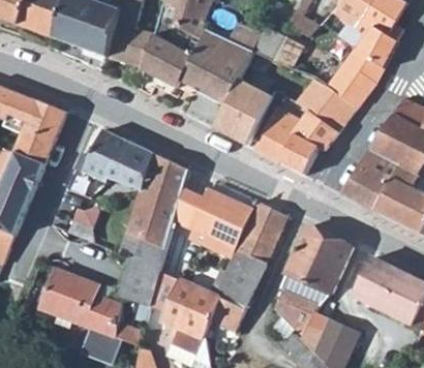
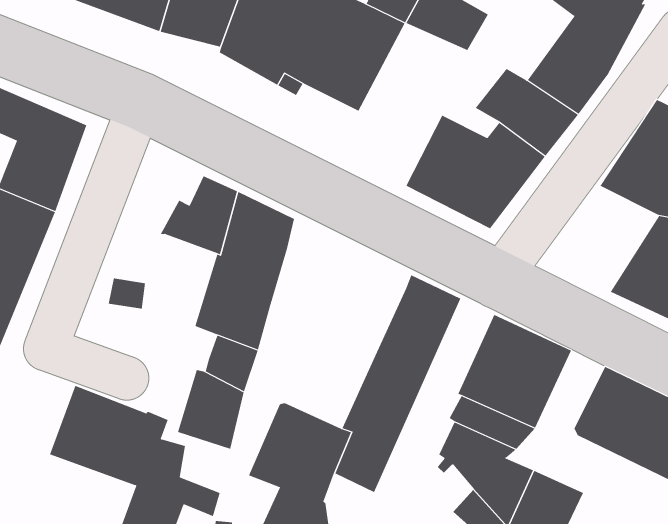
building: [214,83,274,149] -> none
building: [74,129,132,183] -> none
building: [341,149,404,212] -> none
building: [173,186,253,250] -> none

